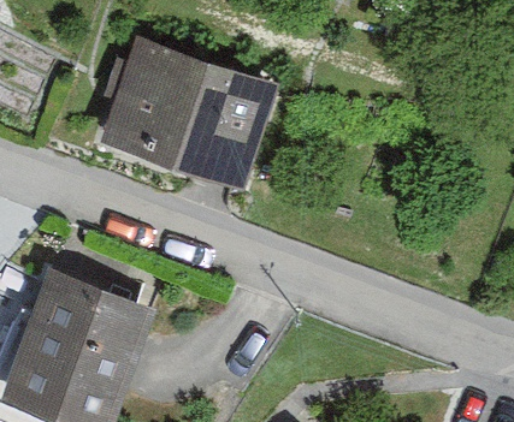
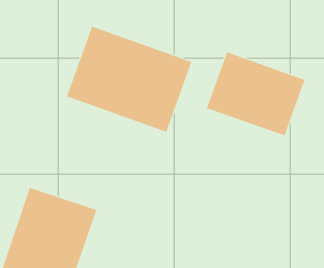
building: none -> [206,51,305,136]

